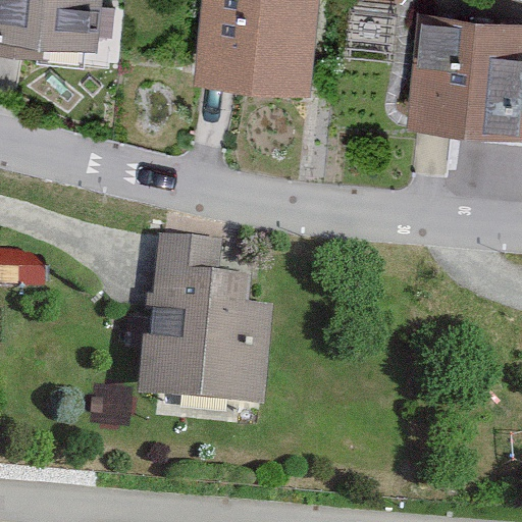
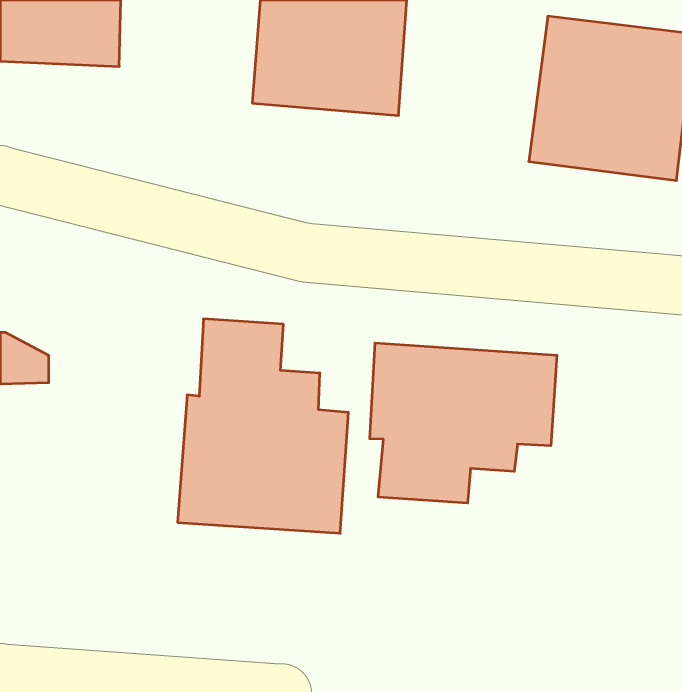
building: none -> [370,343,557,503]

